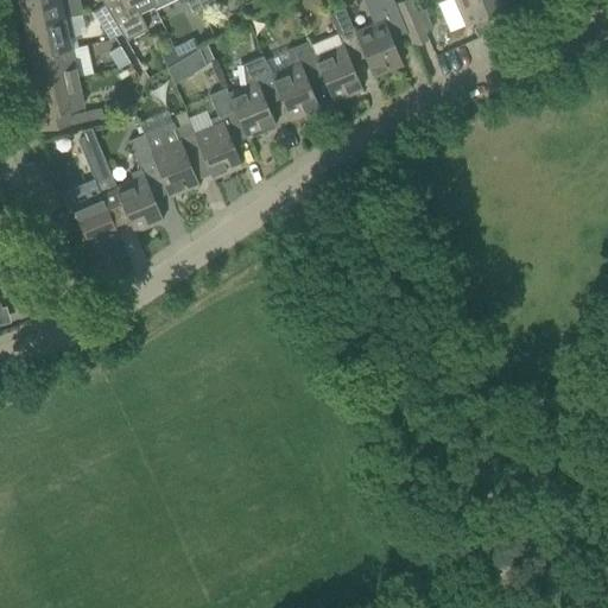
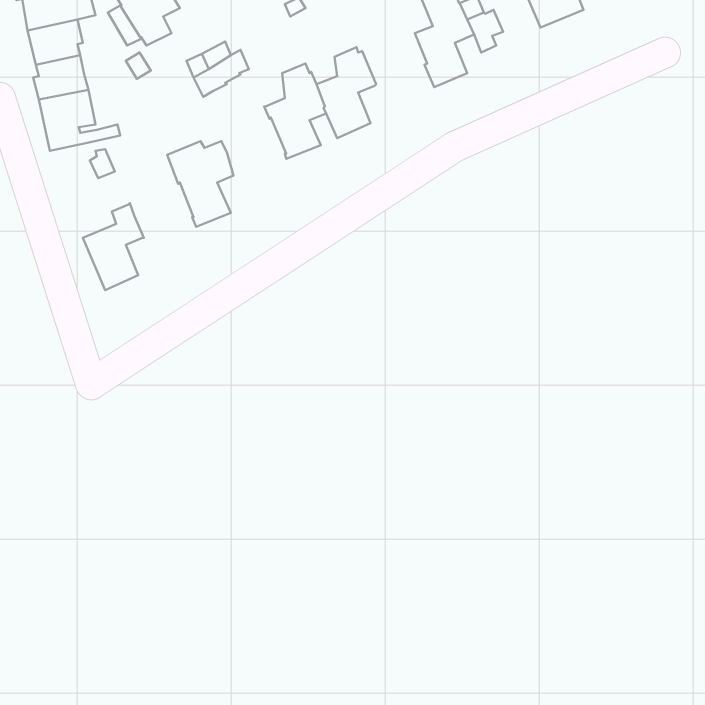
building: [312,7,368,100] -> none
building: [196,87,247,177] -> none
building: [116,133,169,230] -> none

